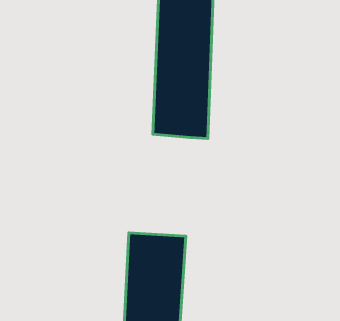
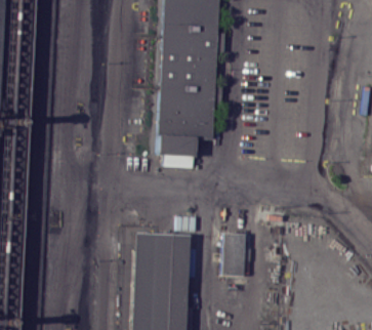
building: none -> [157,134,196,158]
building: none -> [221,234,245,277]

